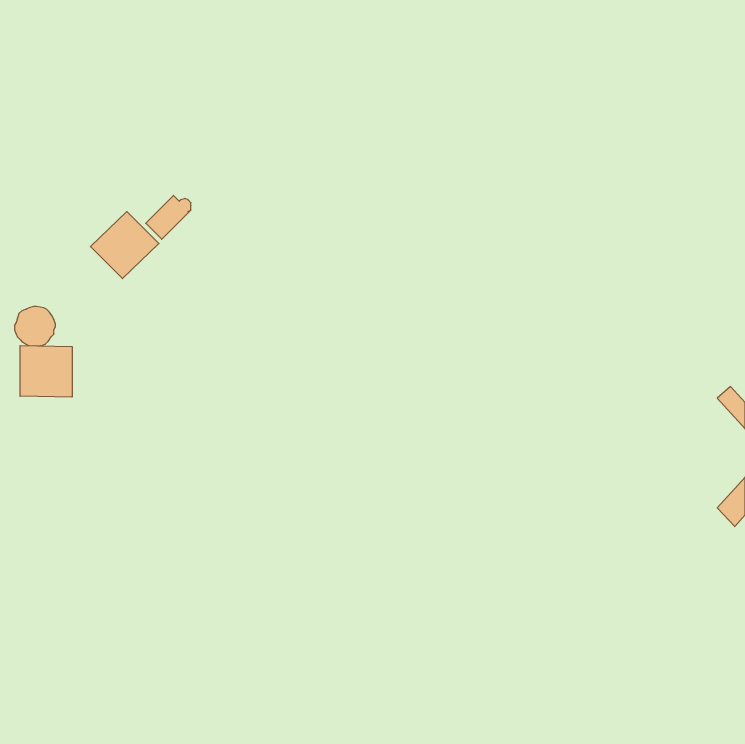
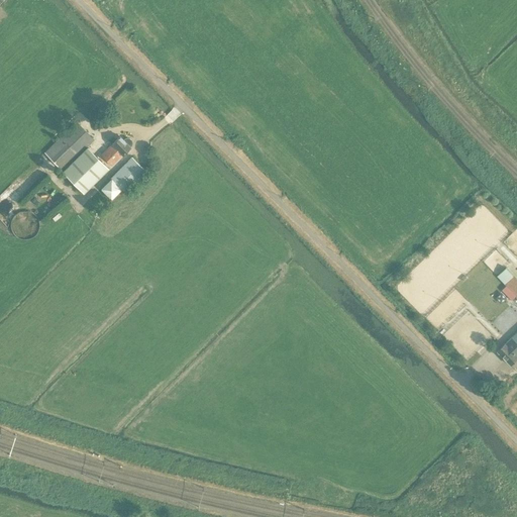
building: none -> [43,122,94,172]
building: none -> [110,158,146,194]
building: [20,346,72,397] -> none

